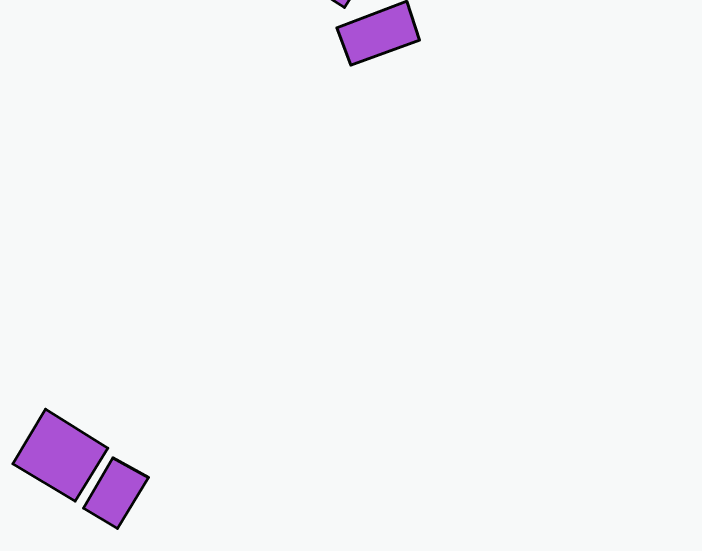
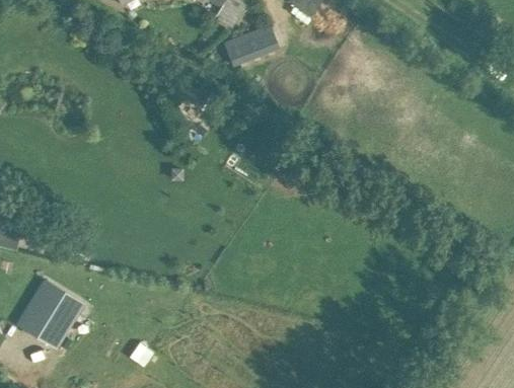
building: [83,458,148,529] -> none

